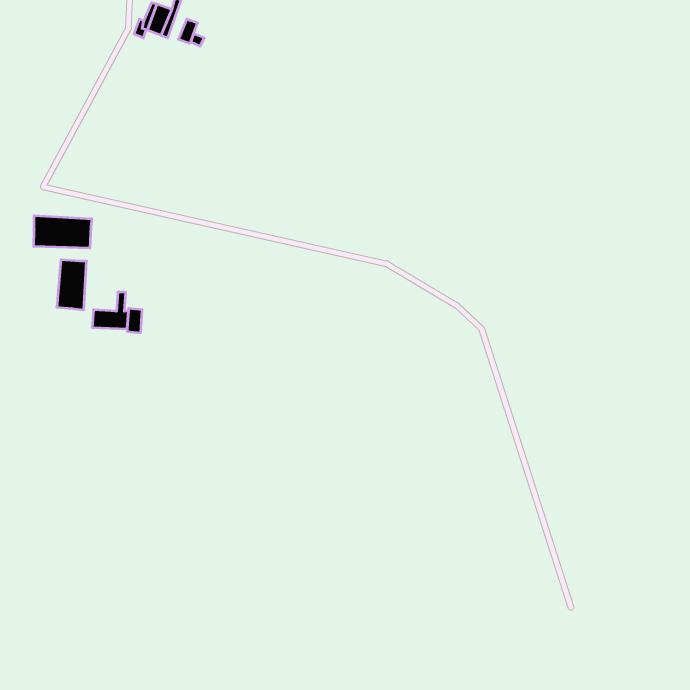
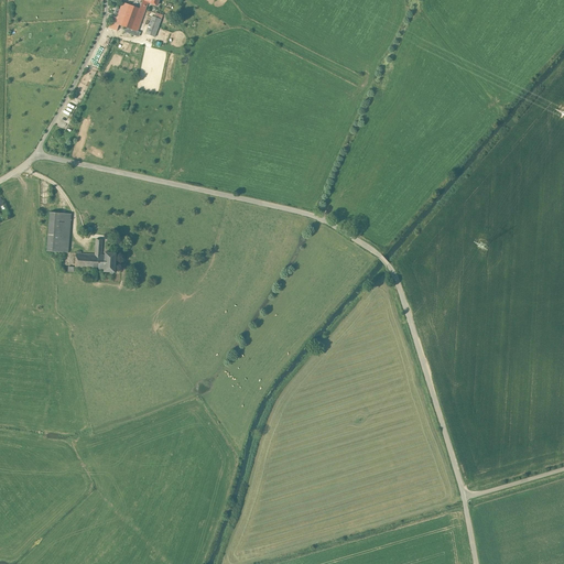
building: [34,216,92,248] -> none

